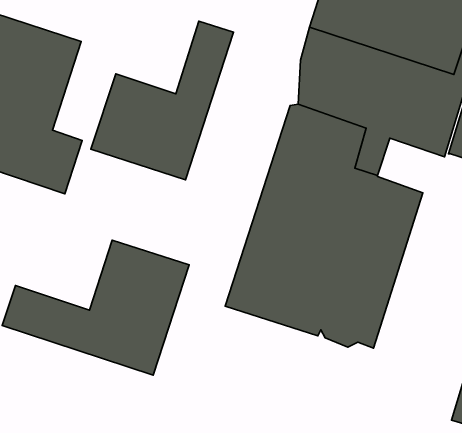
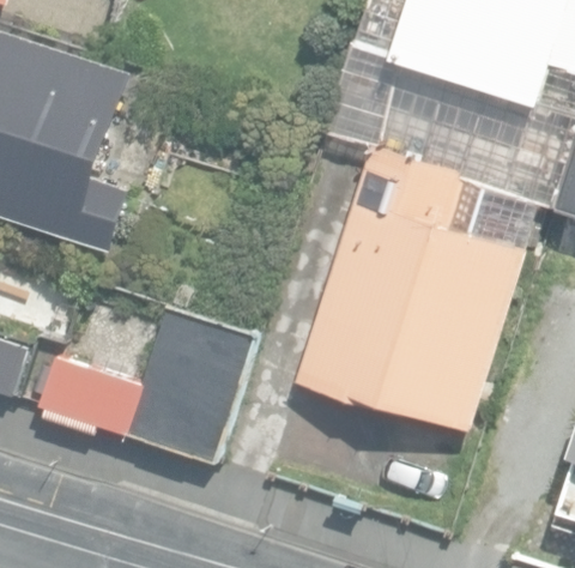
building: [91,21,234,180] -> none

